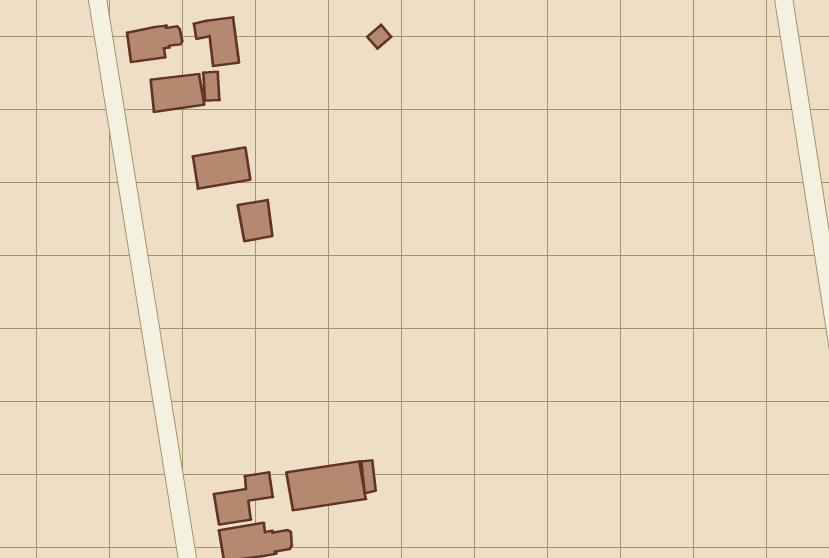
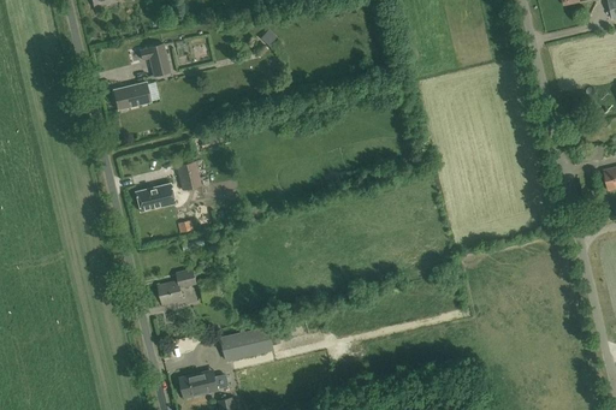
building: [127,25,182,62] -> none
building: [193,148,250,189] -> [136,183,174,212]
building: [214,472,273,524] -> [158,268,196,304]

